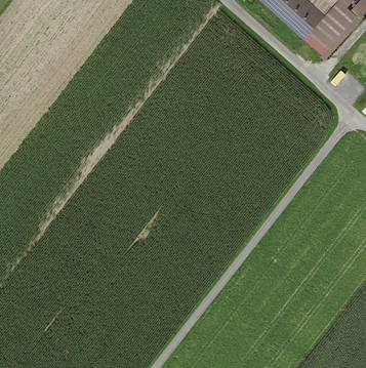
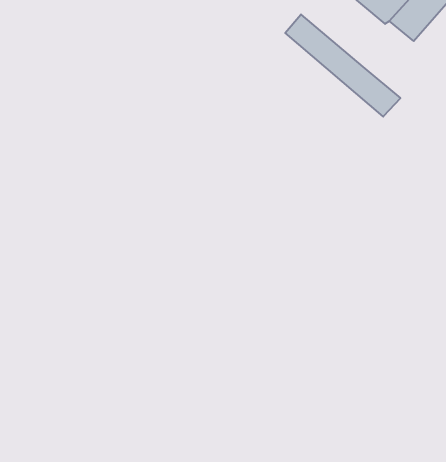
building: none -> [285,14,400,117]

